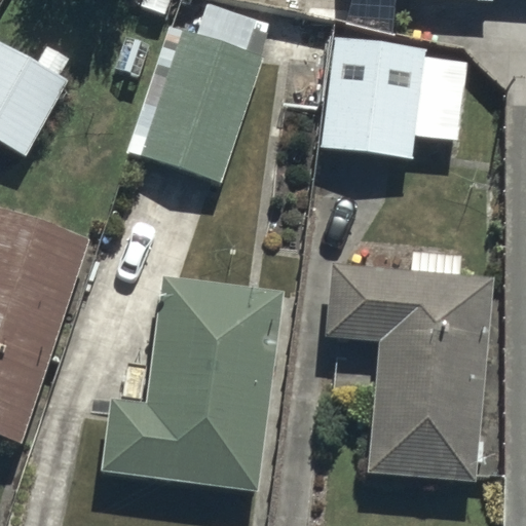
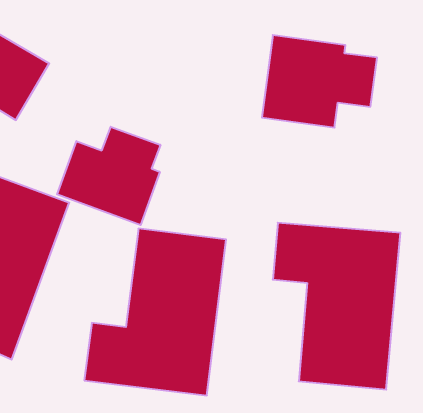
building: [143,8,265,179] -> none
building: none -> [57,127,160,225]

